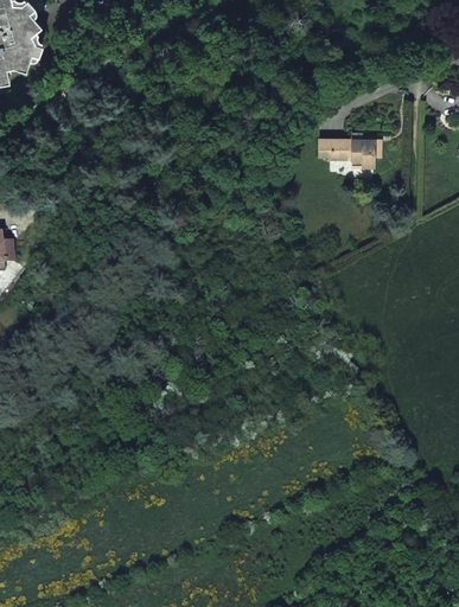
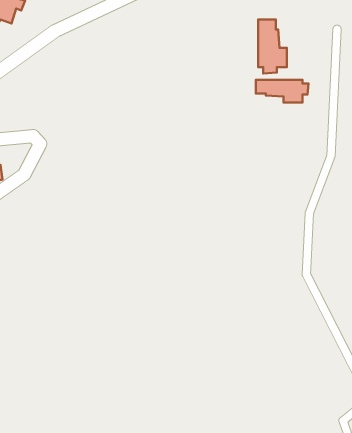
building: none -> [258,19,287,73]

